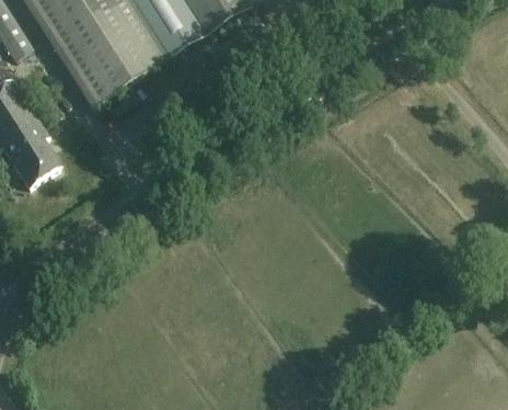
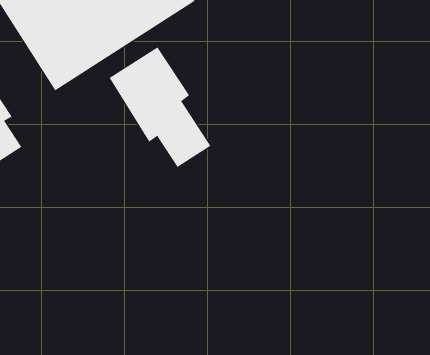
building: none -> [109,47,211,168]

